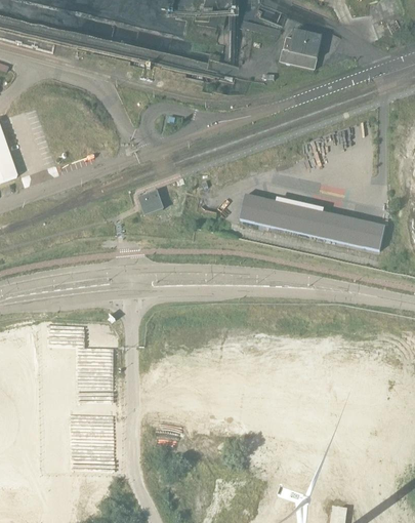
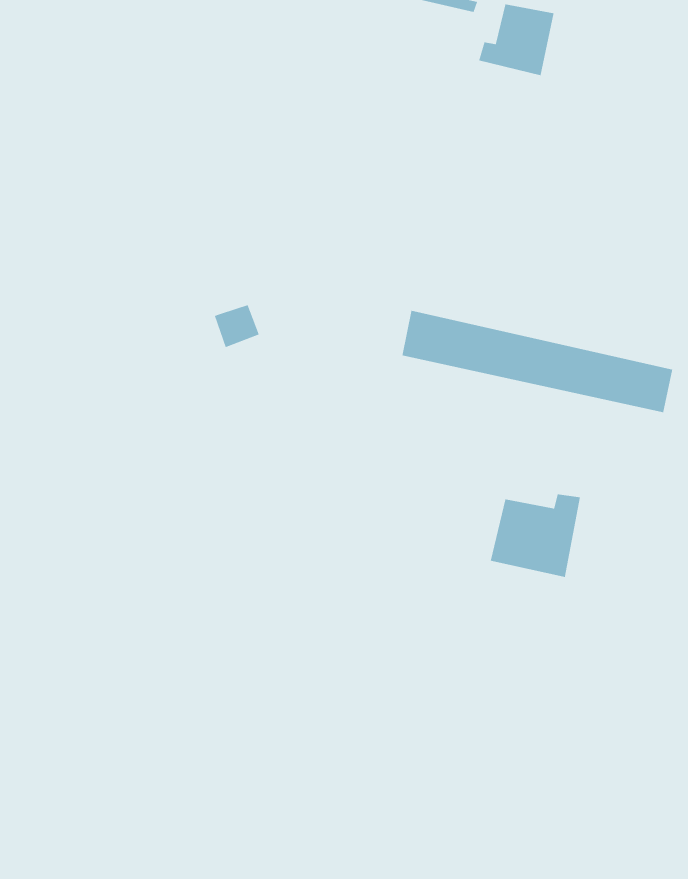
building: none -> [490,494,581,578]

